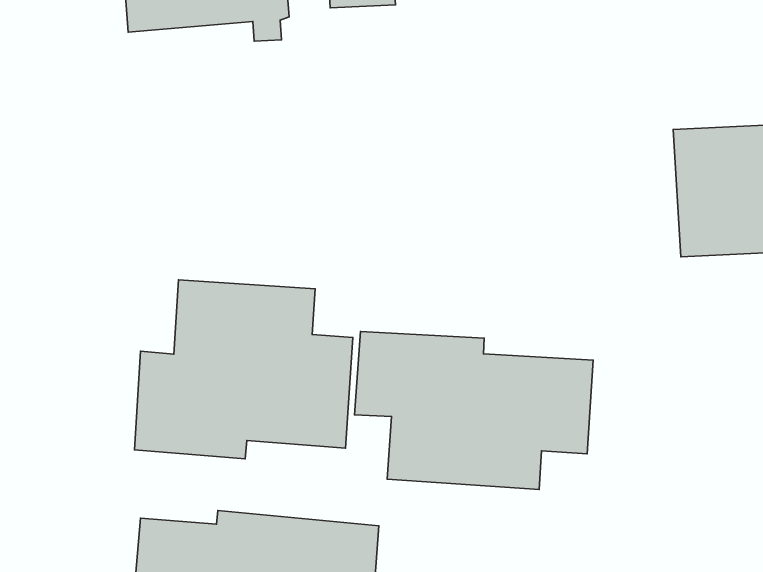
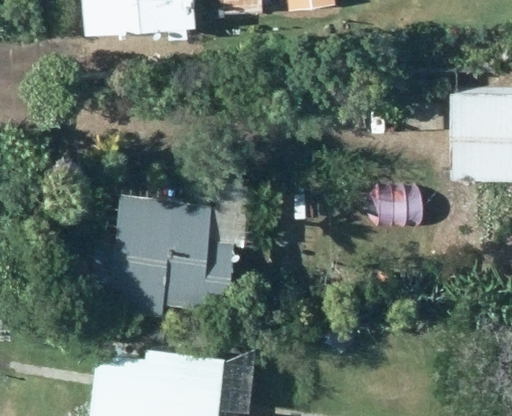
building: [354,331,593,489] -> none

